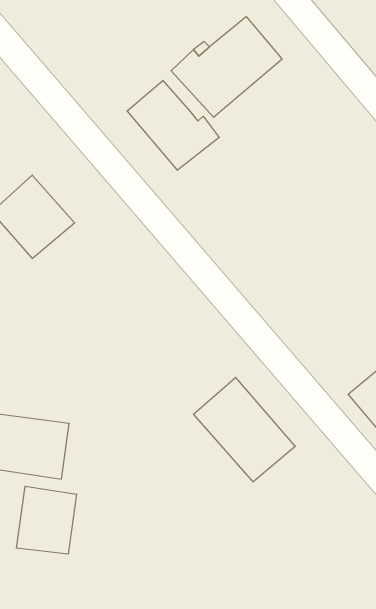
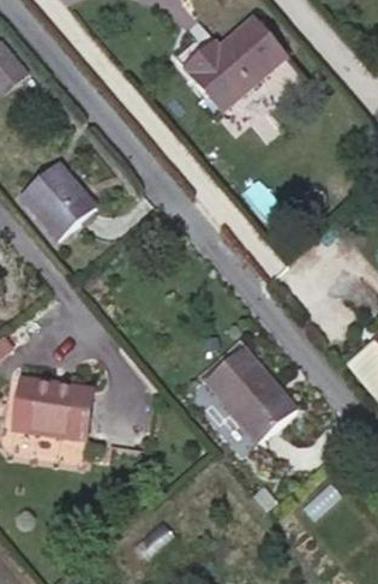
building: [127,80,219,170] -> none
building: [16,486,77,554] -> none

